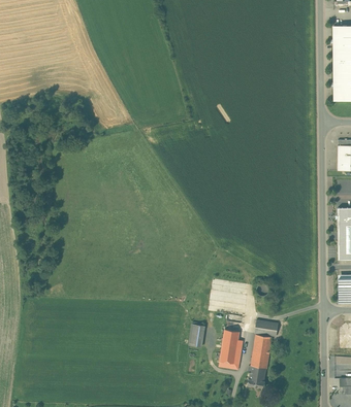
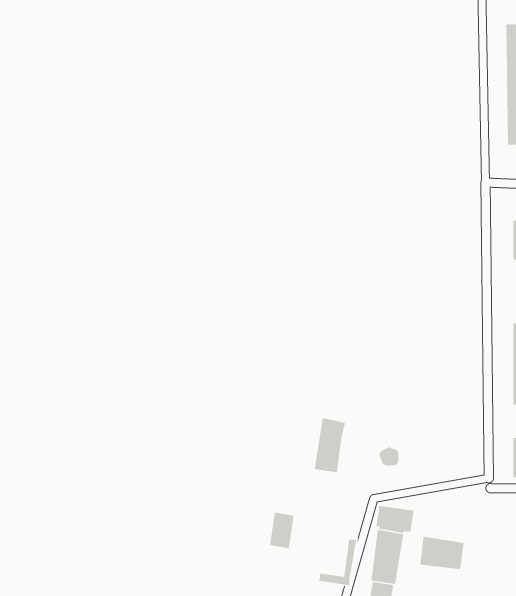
building: [220,329,240,363] -> [314,417,346,473]
building: none -> [419,536,465,570]

